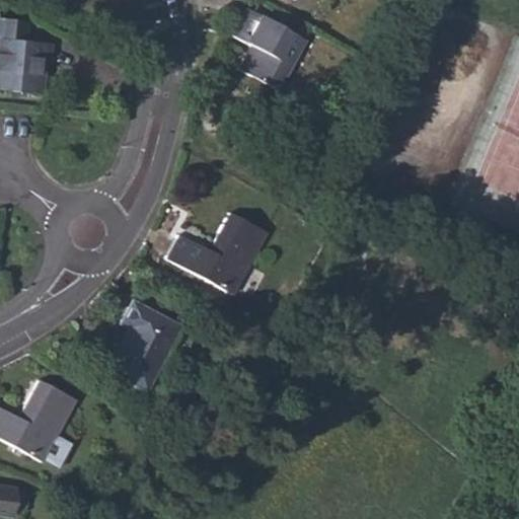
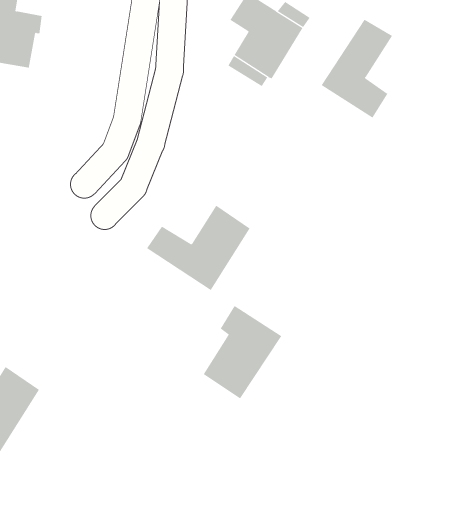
building: none -> [321,19,393,118]
building: [108,300,181,389] -> [203,305,282,399]

